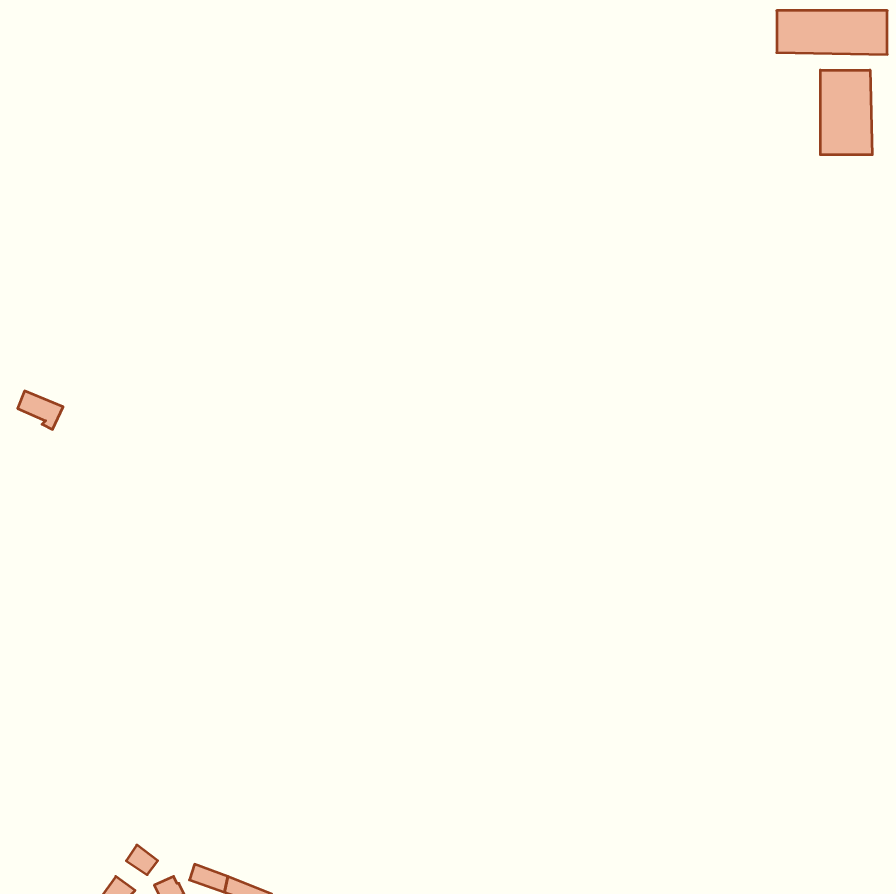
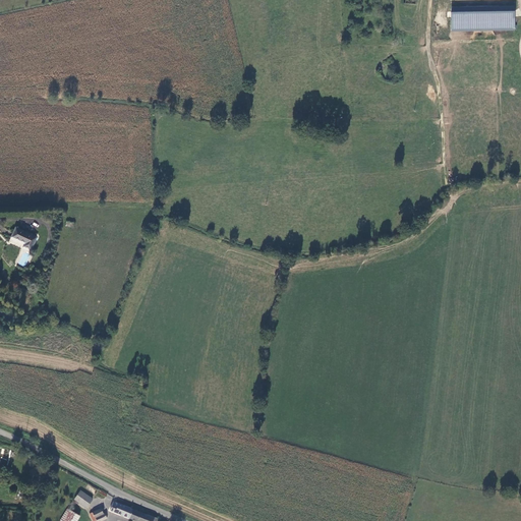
building: [820,70,872,155] -> none

